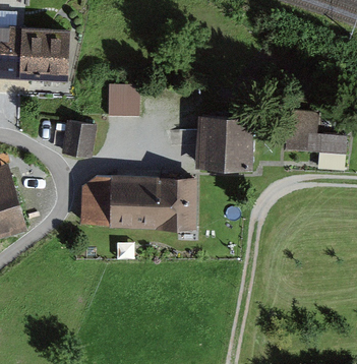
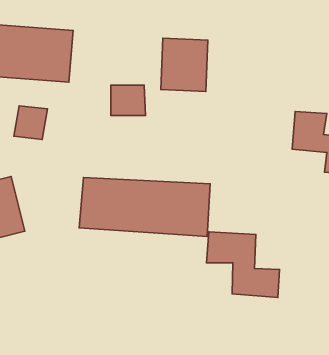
building: [193,119,239,171] -> [161,38,208,92]
building: [63,122,96,155] -> [14,106,47,139]
building: none -> [207,232,279,297]

